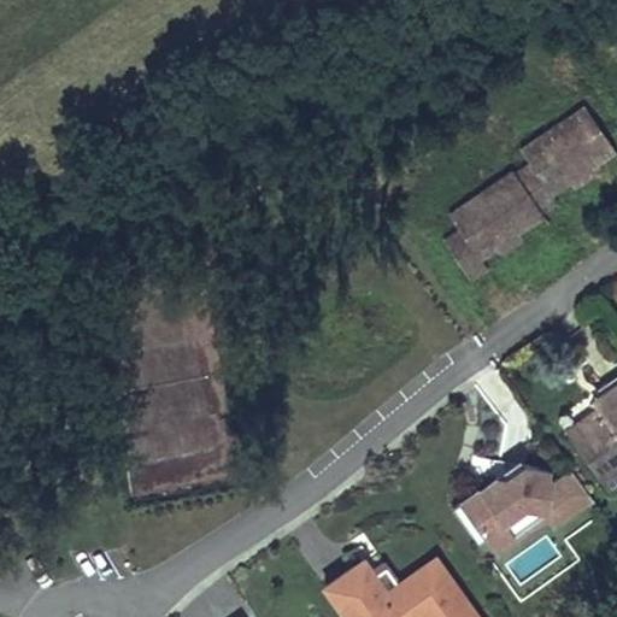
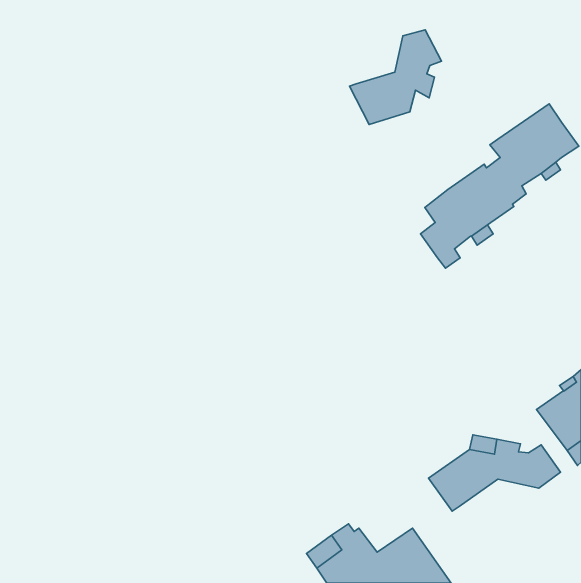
building: none -> [350,30,442,125]
building: [486,506,570,552] -> none

